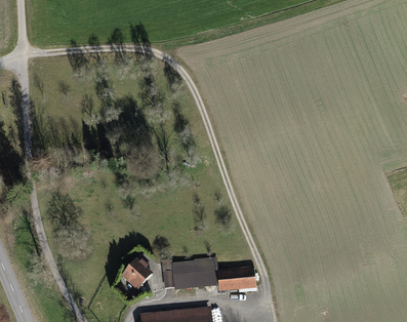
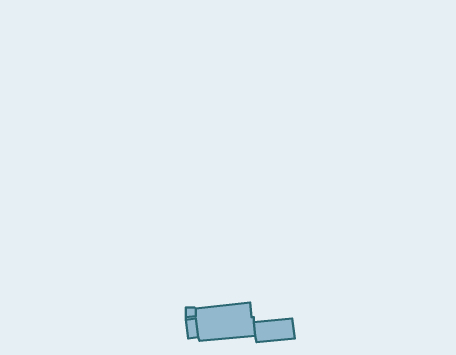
building: [122,259,151,288] -> none

